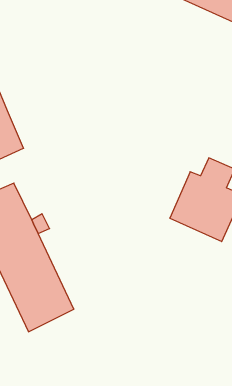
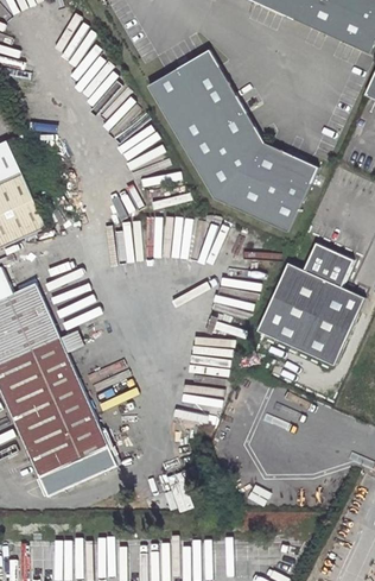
building: none -> [145,48,314,229]

